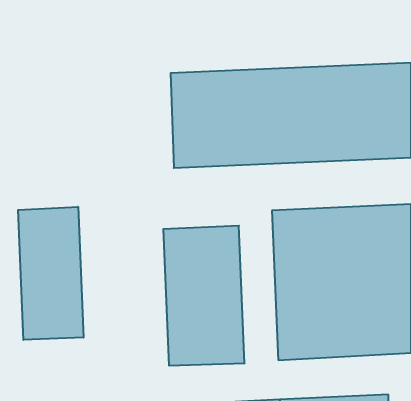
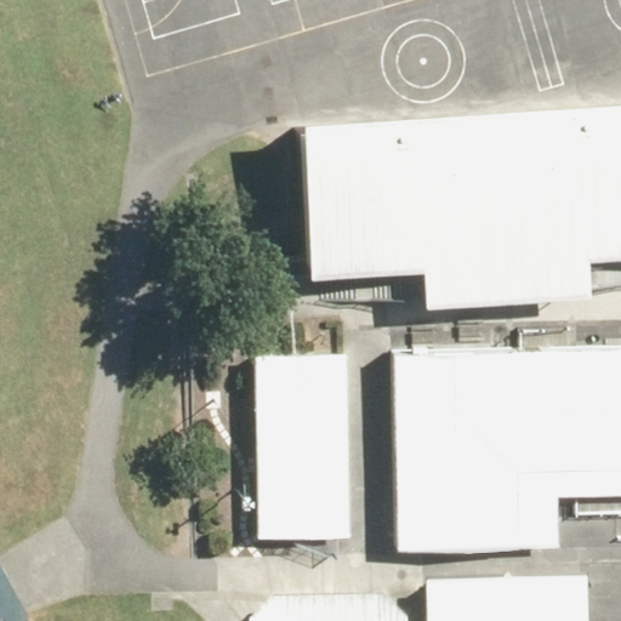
building: [18,207,83,340] -> none

